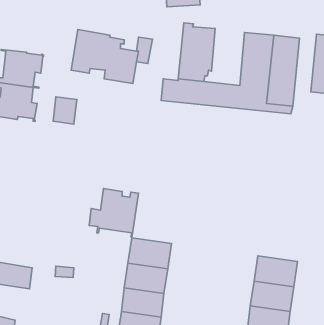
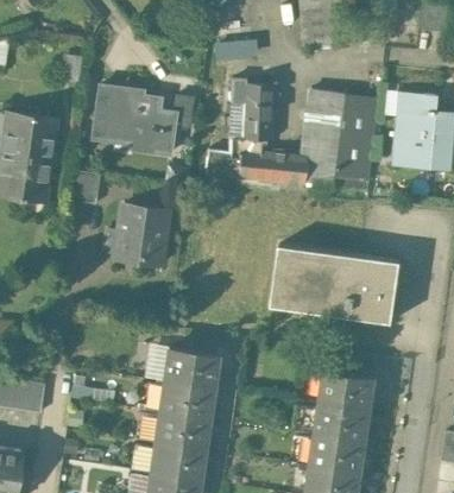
building: none -> [271,241,399,320]
building: [89,189,138,238] -> [102,204,164,266]

